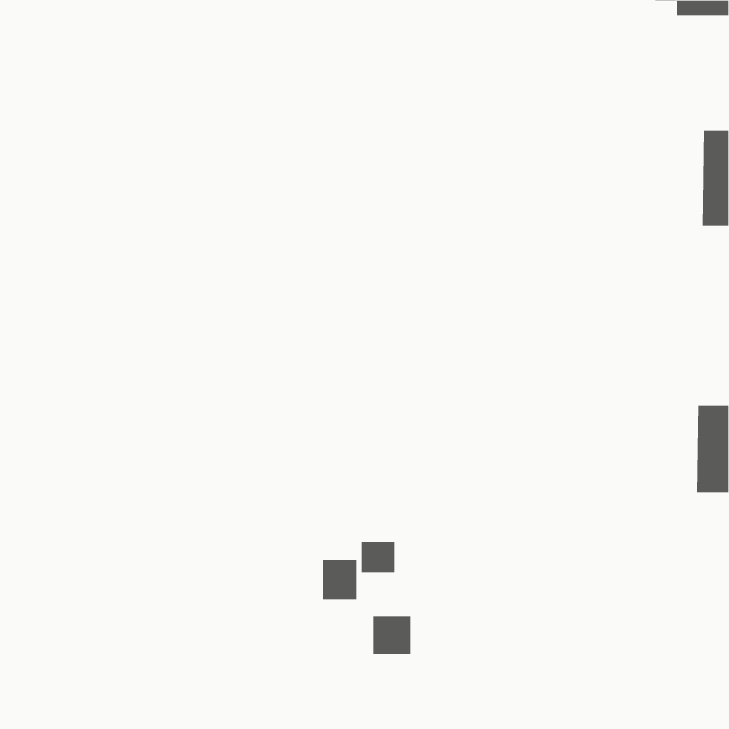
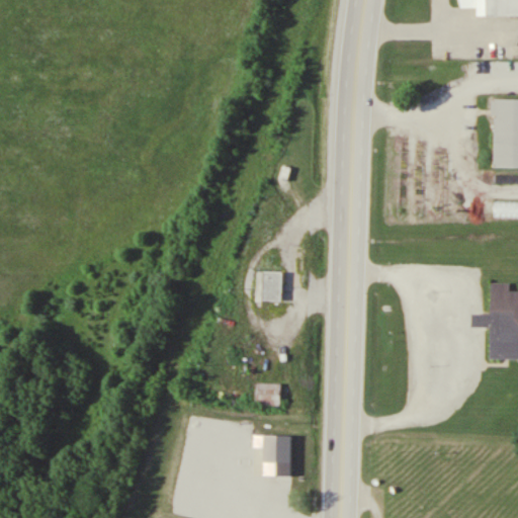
building: none -> [263,274,281,303]
building: [322,559,357,600] -> none

